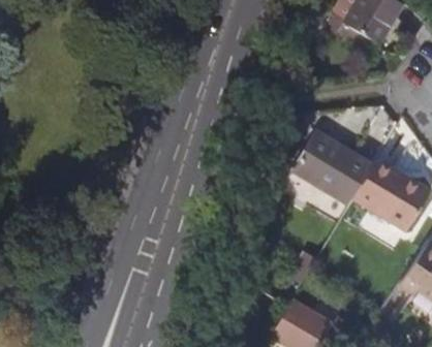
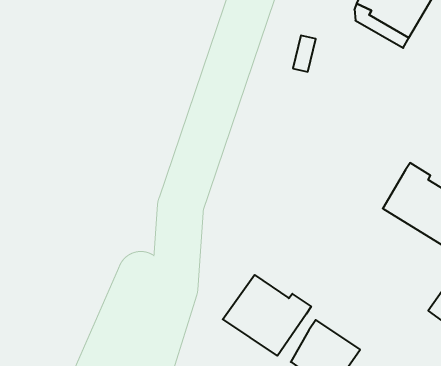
building: [297,130,375,203] -> none
building: none -> [223,275,311,356]

